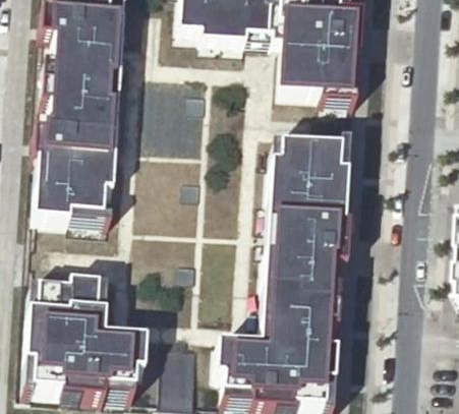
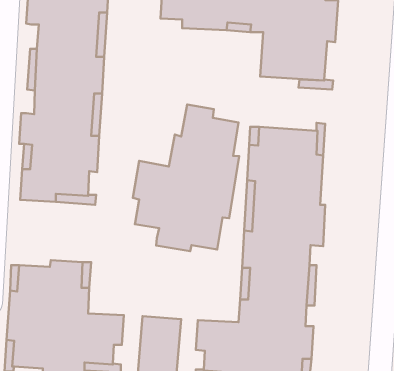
building: none -> [133,104,239,251]

